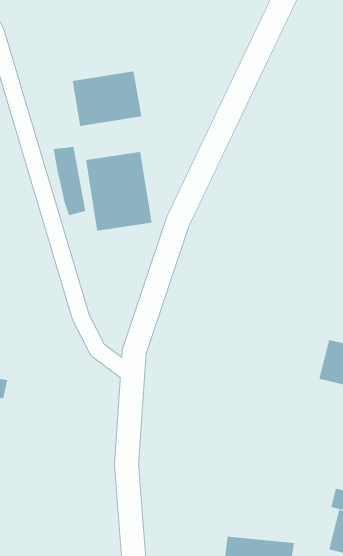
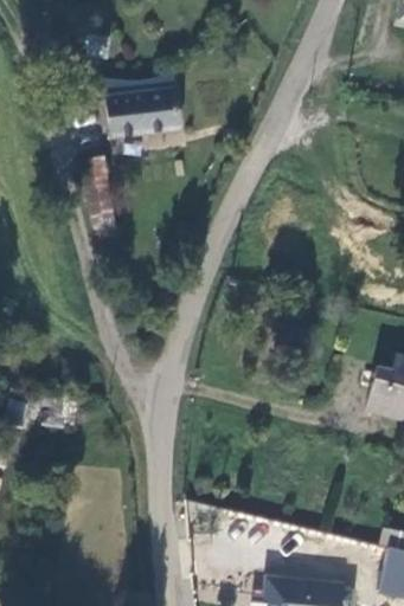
building: [85,151,152,231] -> none

